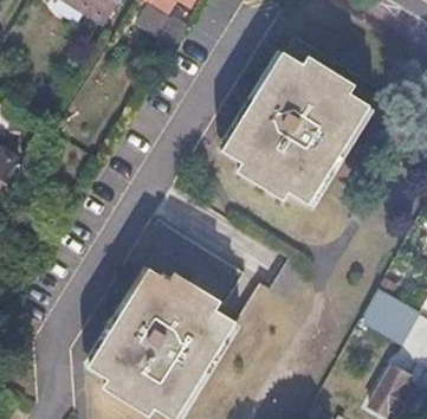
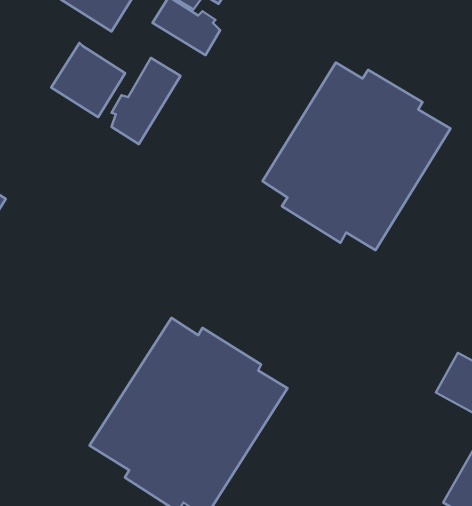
building: none -> [51,43,125,117]
building: none -> [111,58,181,144]

